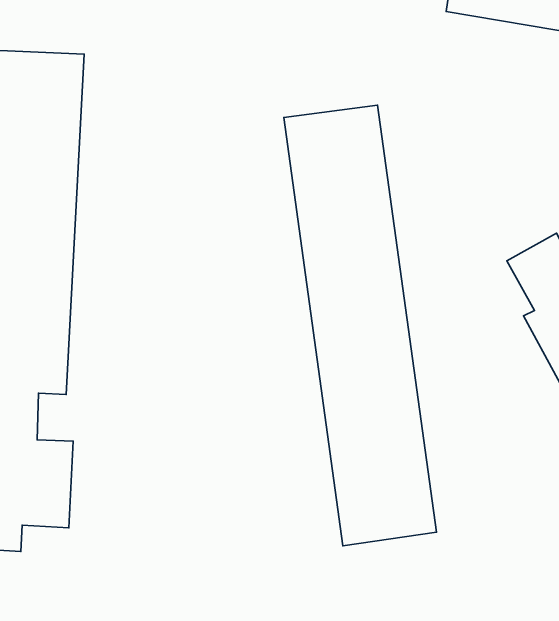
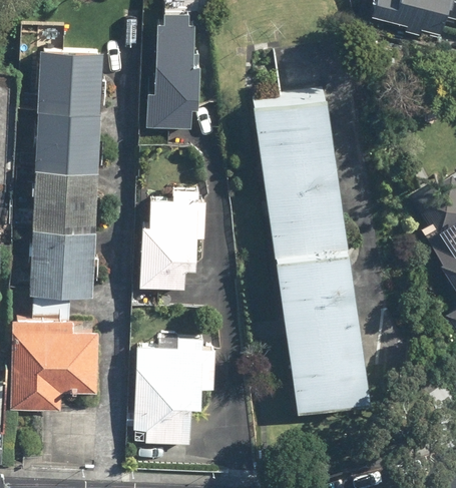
building: none -> [146,23,201,130]
building: none -> [140,189,205,290]
building: none -> [133,338,216,443]

